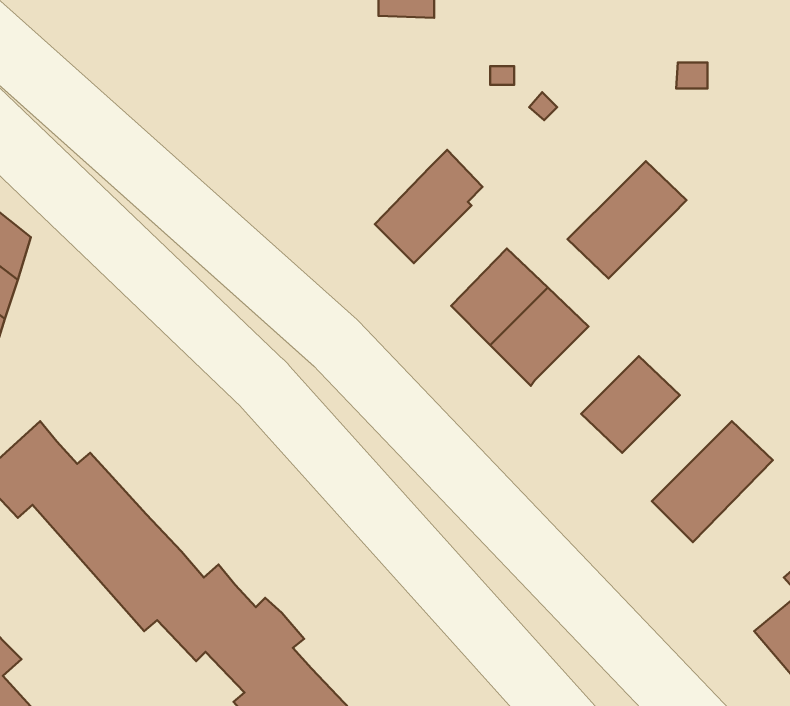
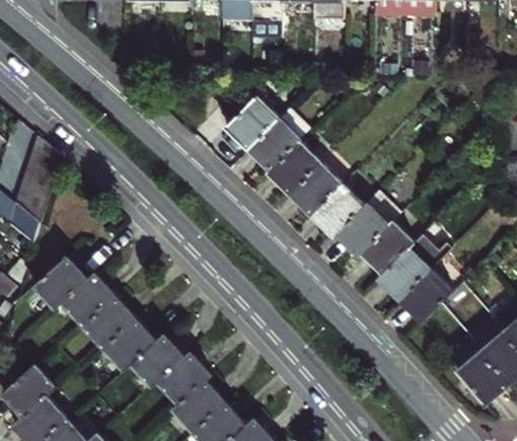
building: none -> [224,93,278,147]
building: [568,161,687,278] -> [335,190,399,253]
building: none -> [267,139,319,192]
building: none -> [377,234,449,298]

